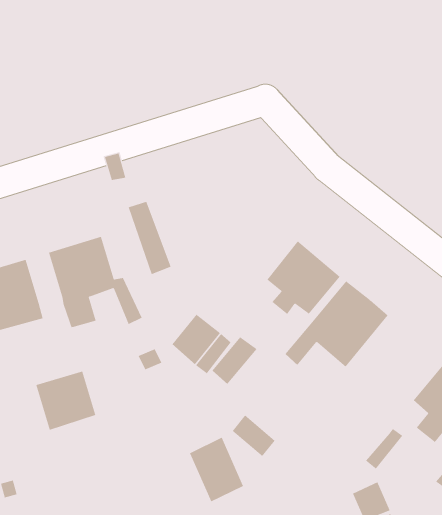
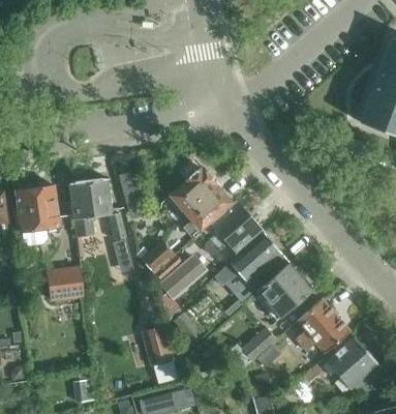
building: none -> [171,162,231,239]
building: none -> [254,262,312,319]
building: none -> [240,328,276,361]

